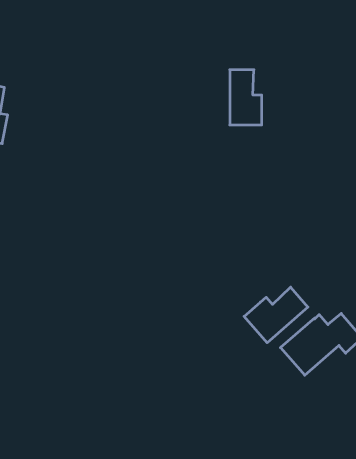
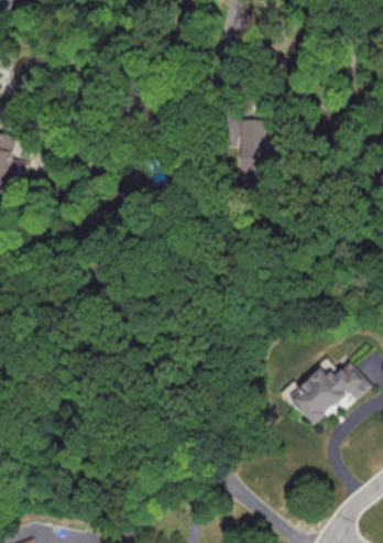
building: [244,287,308,343] -> none

